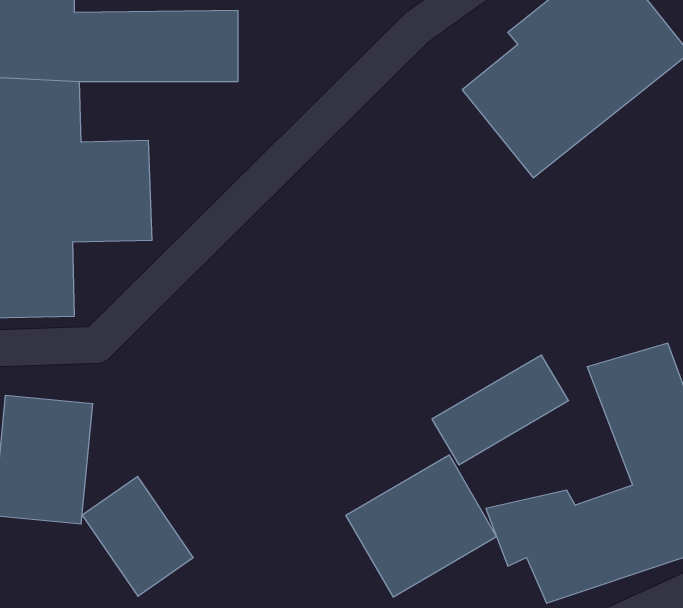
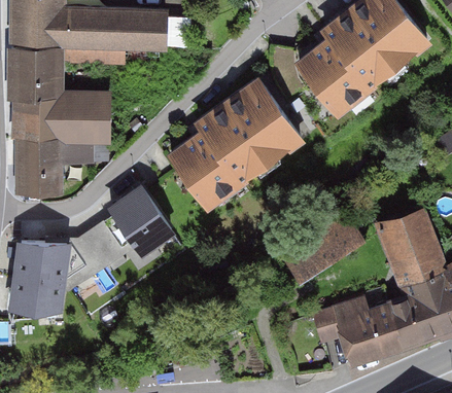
building: none -> [173,68,310,203]
building: [346,455,497,597] -> none
building: [82,476,193,596] -> [112,191,180,264]

